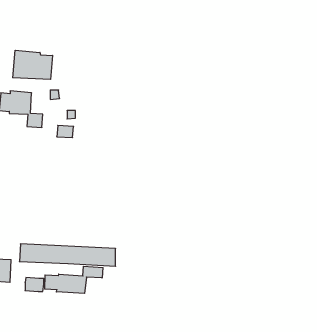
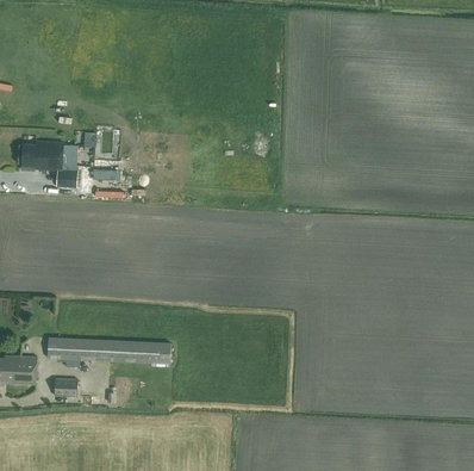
building: [13,50,53,79] -> none
building: [45,266,103,293] -> none

